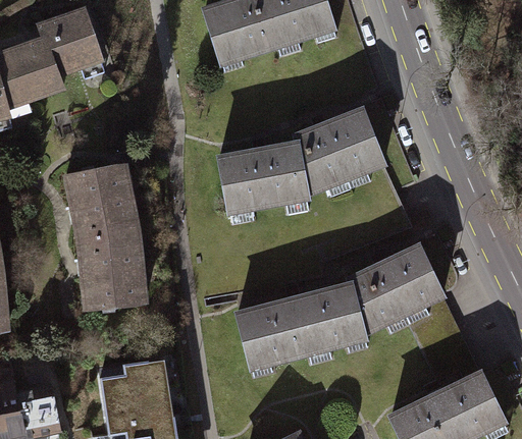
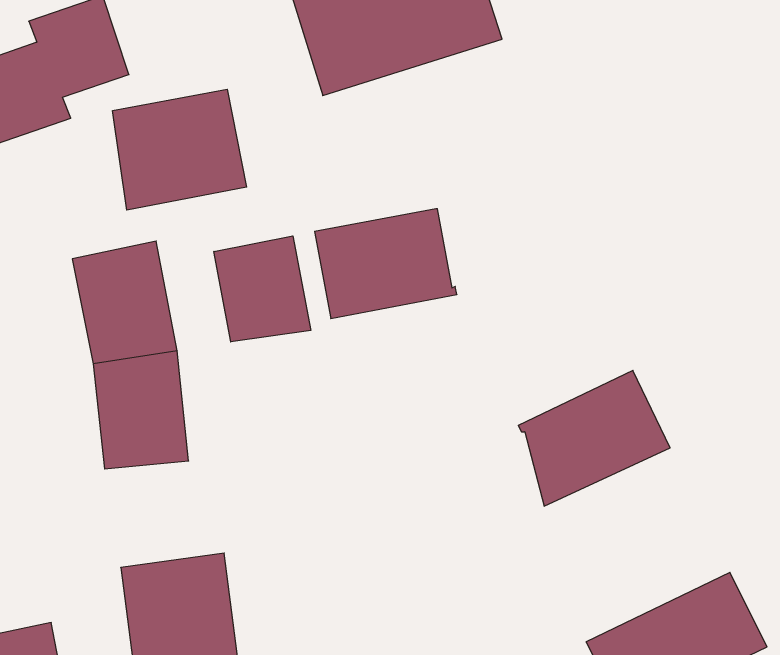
building: none -> [113,89,247,210]
building: [295,109,384,193] -> none
building: none -> [214,236,311,342]
building: [238,283,368,375] -> none

